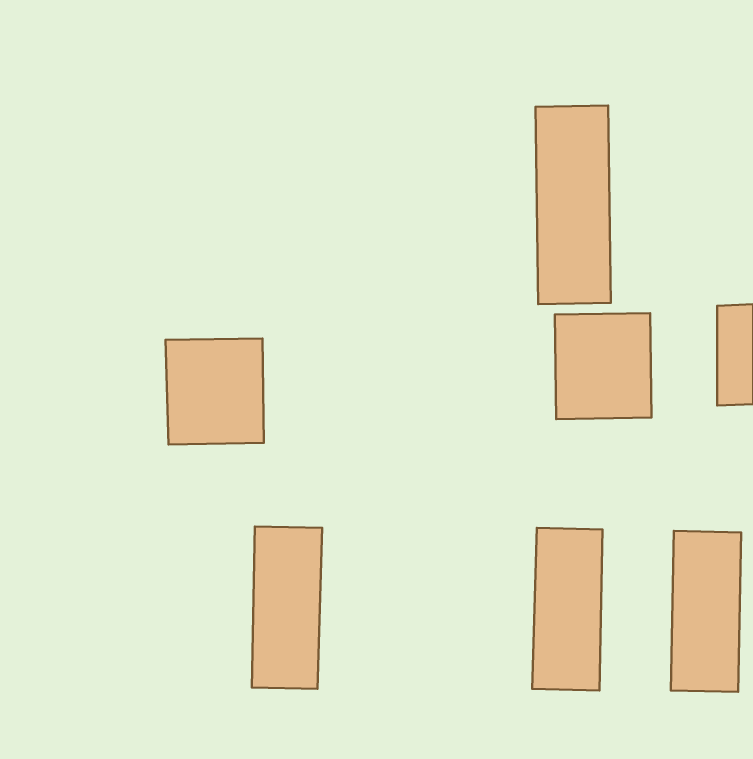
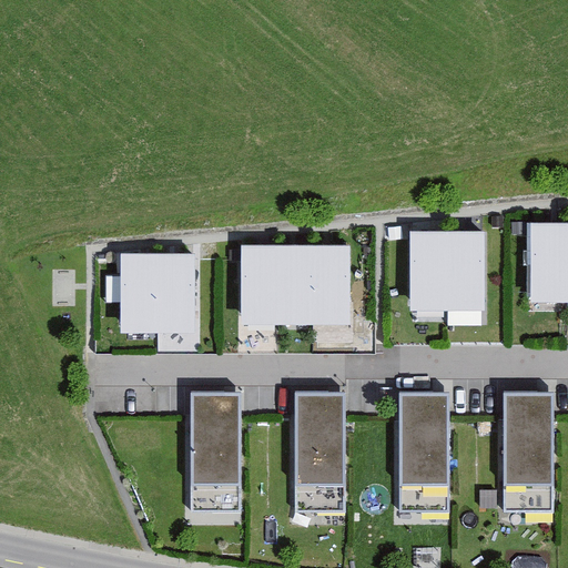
building: [535,105,611,304] -> none
building: none -> [244,245,355,321]
building: none -> [293,393,345,514]

